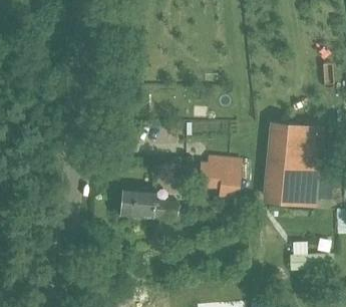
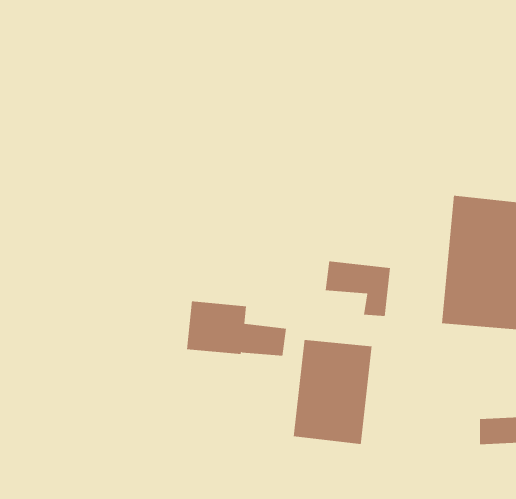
building: none -> [293,339,372,445]

